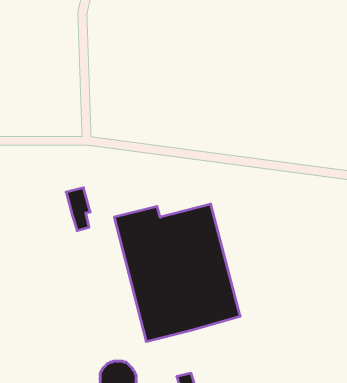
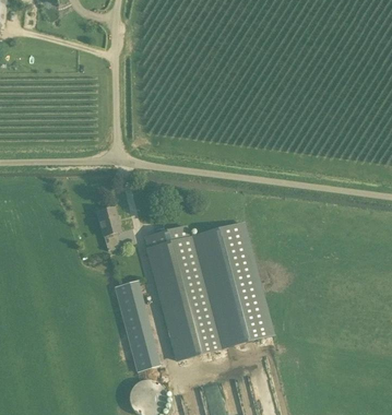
building: none -> [115,280,159,371]

